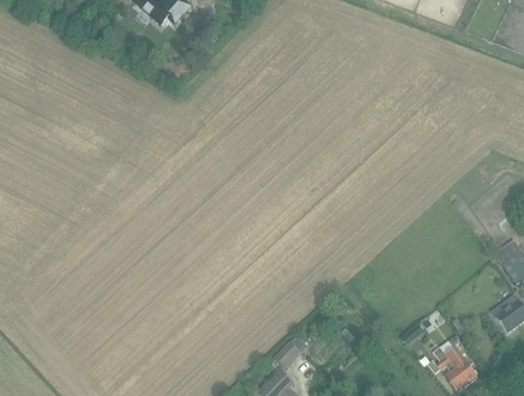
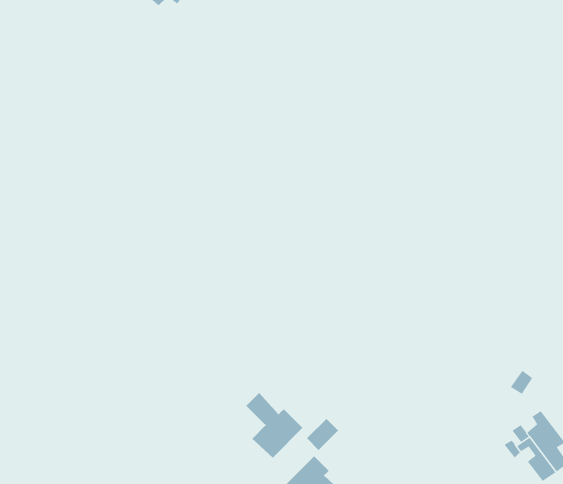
building: none -> [245,392,303,458]

